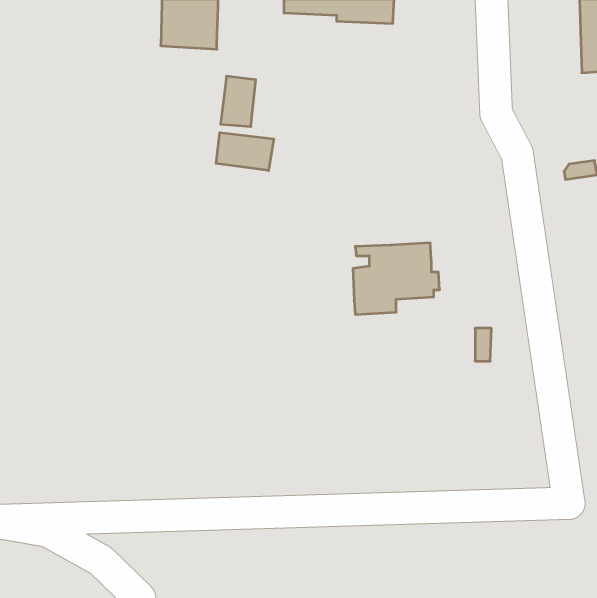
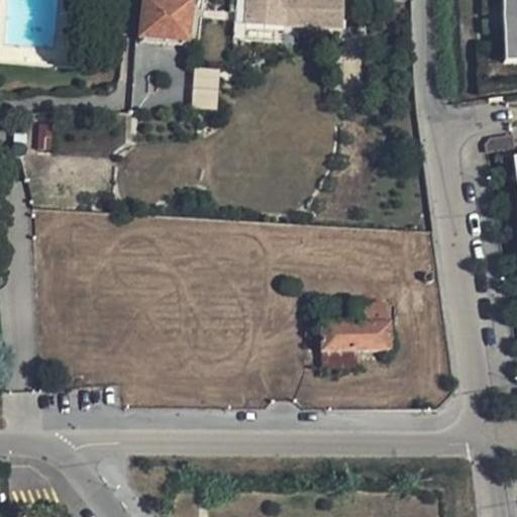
building: [216,133,274,171] -> none
building: [353,243,440,314] -> [321,306,396,368]

